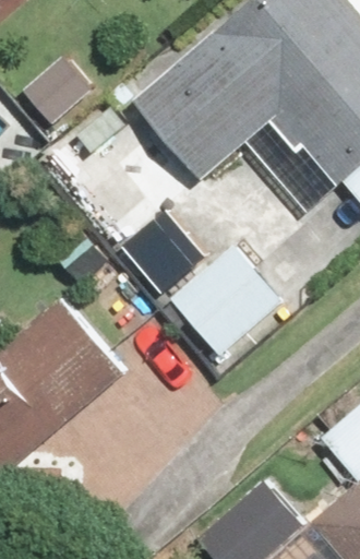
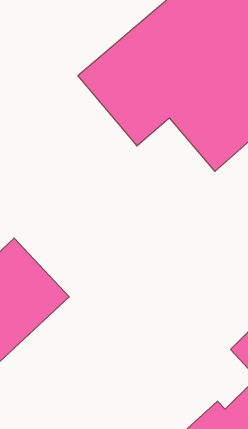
building: [171,239,295,362] -> none

